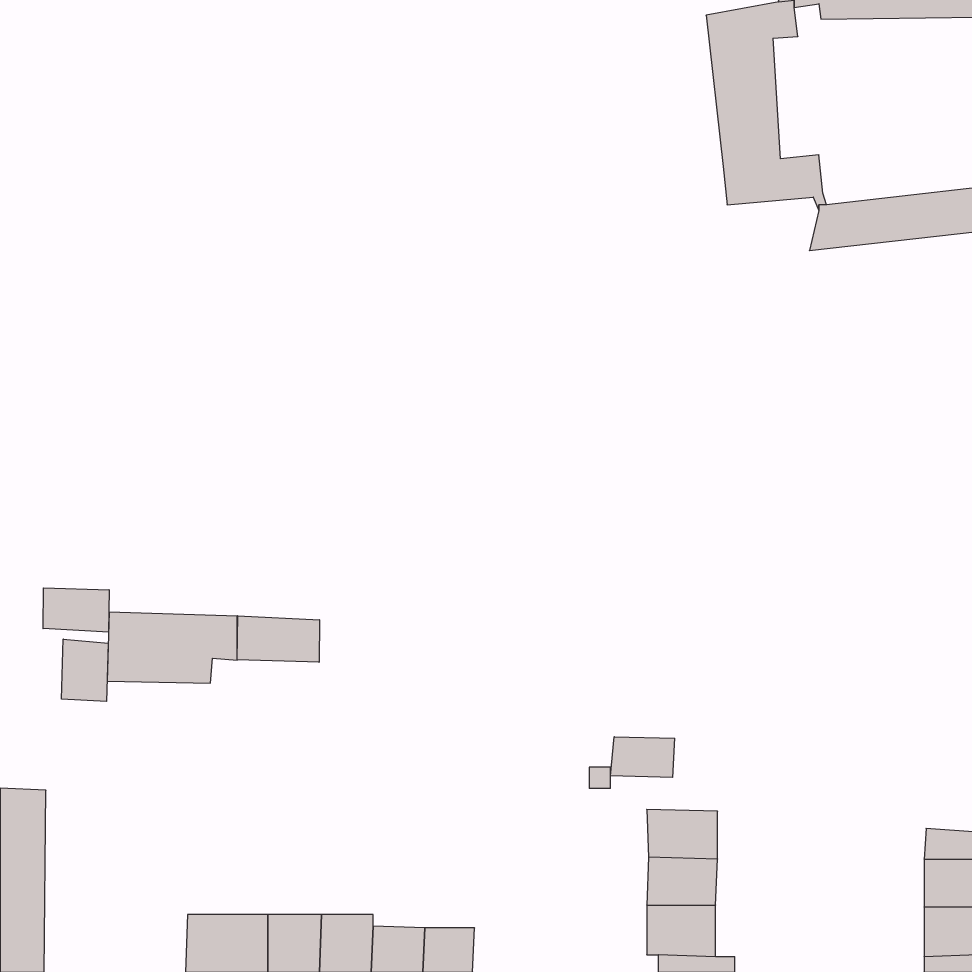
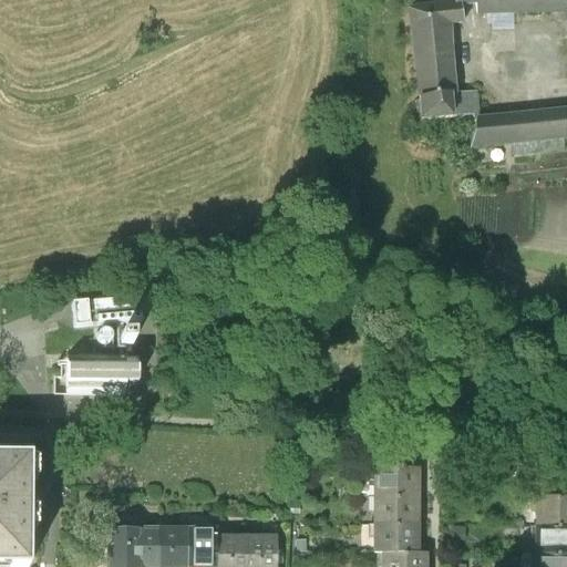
building: [43,588,109,632] -> none
building: [237,616,319,662] -> none
building: [62,639,108,701] -> none
building: [610,737,675,777] -> none

